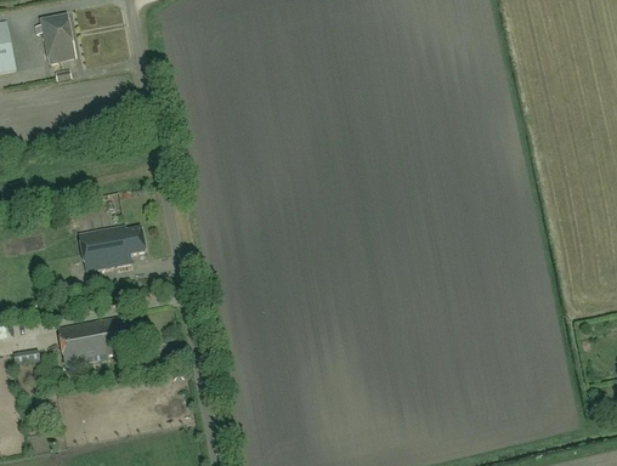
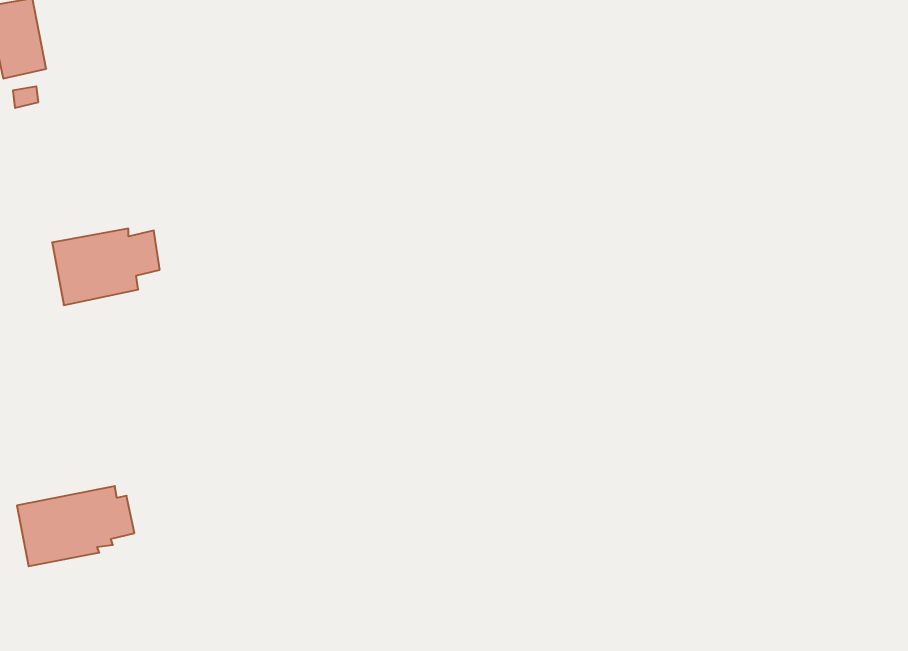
building: [78,225,145,272] -> [52,229,160,305]

